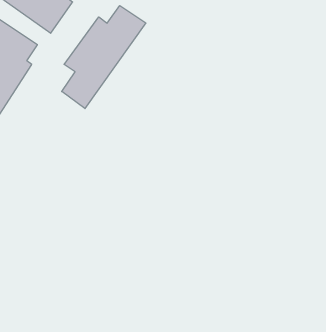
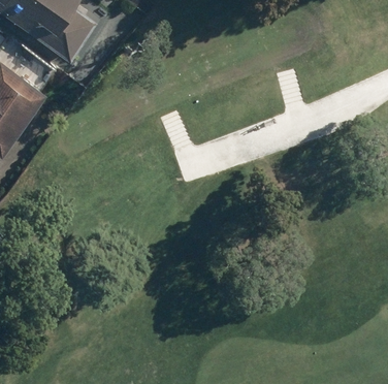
building: [62,6,146,109] -> none

